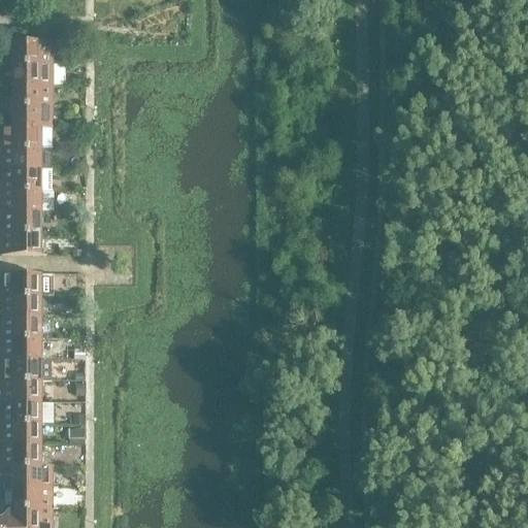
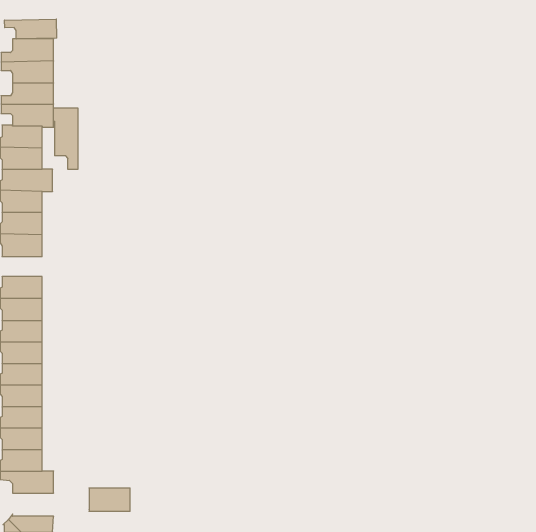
building: none -> [5,19,57,39]
building: none -> [54,108,78,169]
building: [13,484,54,506] -> [89,488,130,511]

